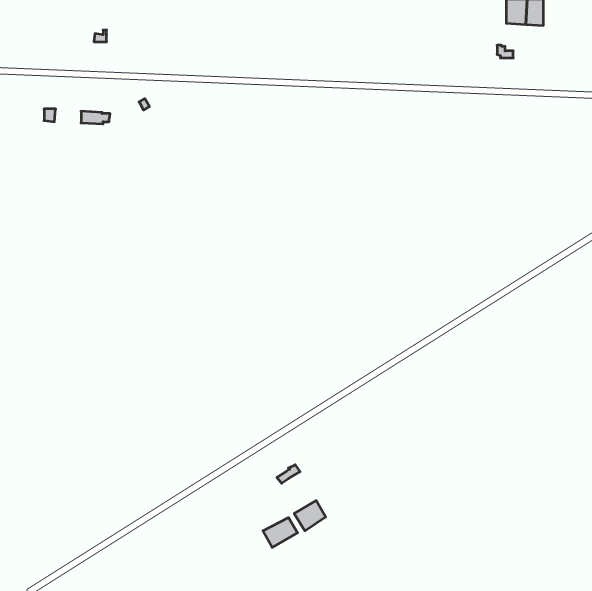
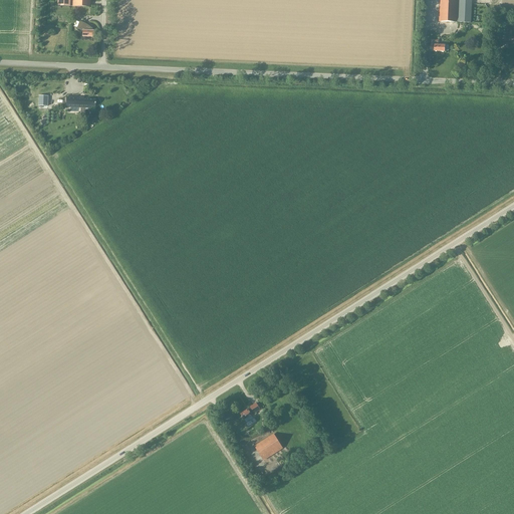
building: [263,518,298,547] -> none

